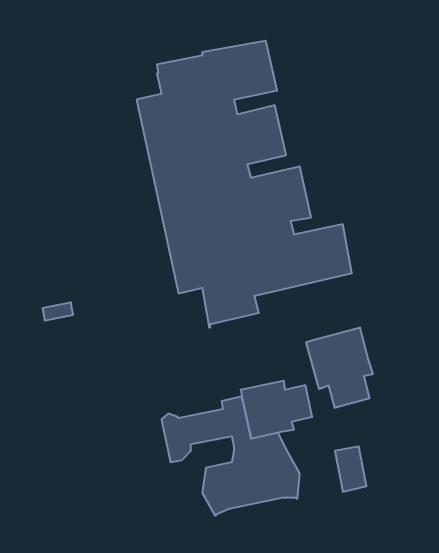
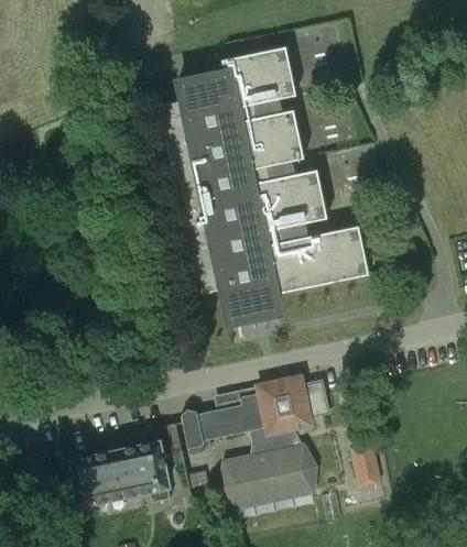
building: [306,327,373,408] -> none
building: none -> [76,422,187,503]

